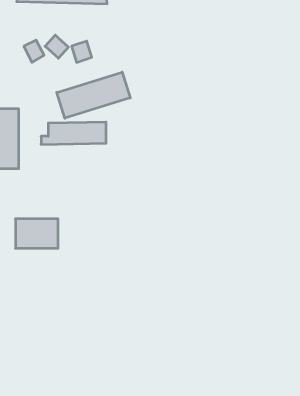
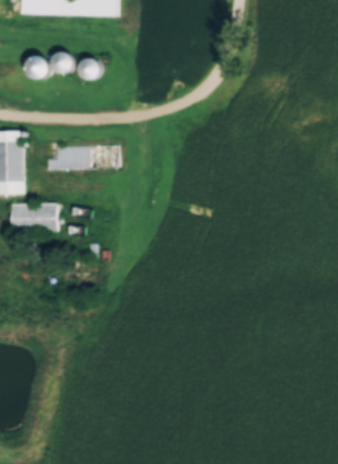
building: [57,72,130,118] -> none
building: [15,219,58,248] -> [10,204,56,235]

